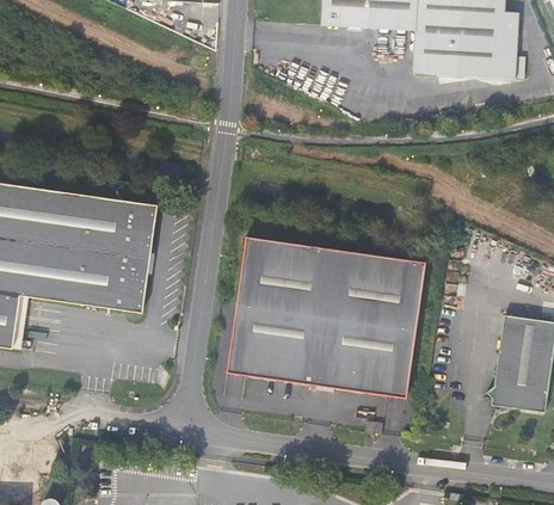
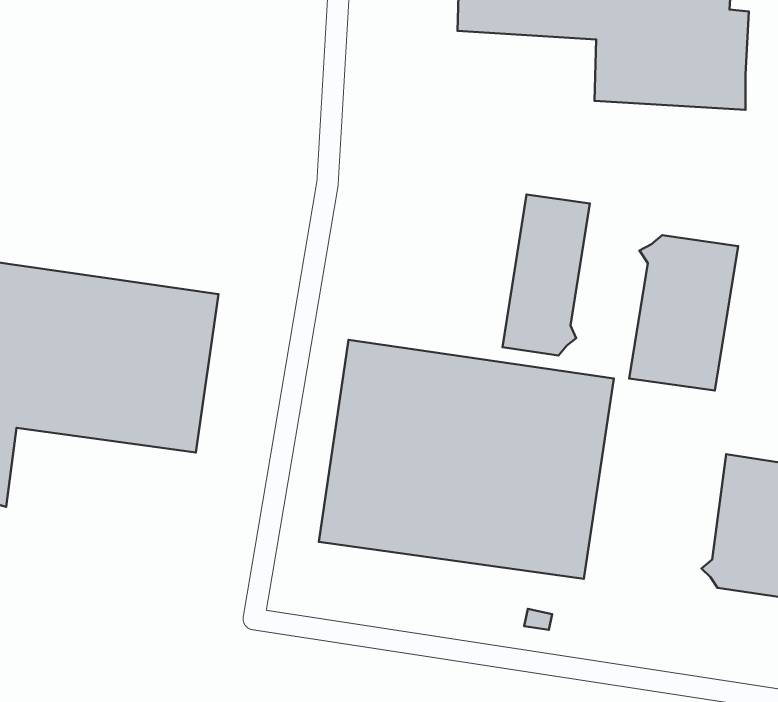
building: none -> [503,195,590,355]
building: none -> [629,235,738,391]

